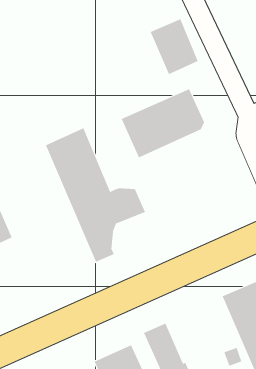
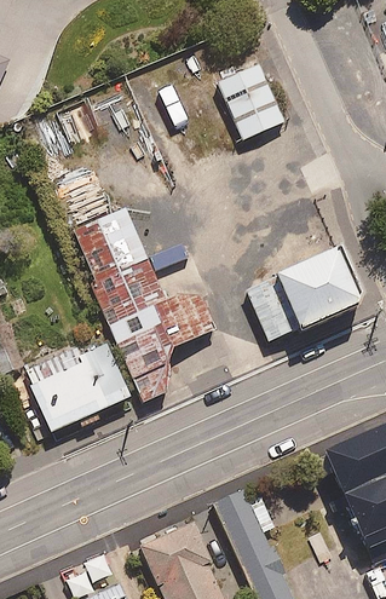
building: [121,89,205,158] -> [242,242,363,342]
building: none -> [22,336,126,432]

